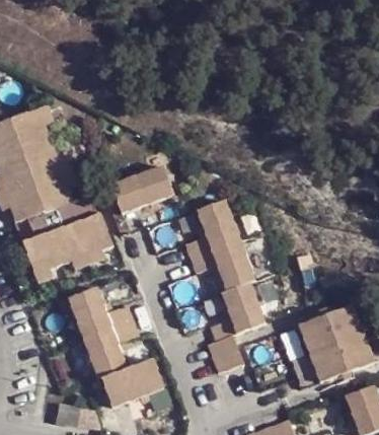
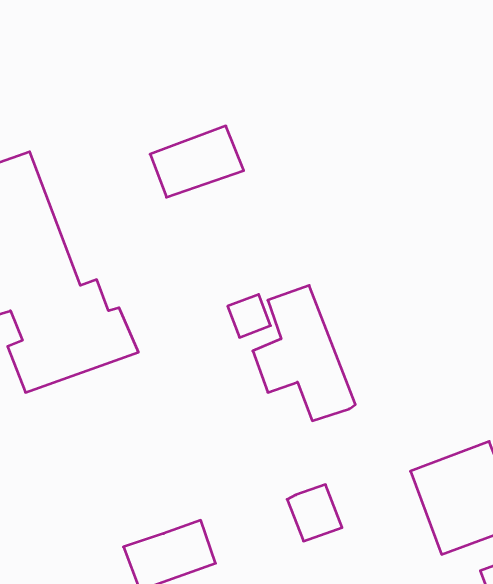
building: [112,167,176,216] -> [150,126,244,197]
building: [213,286,270,345] -> none
building: [67,288,137,381] -> none

